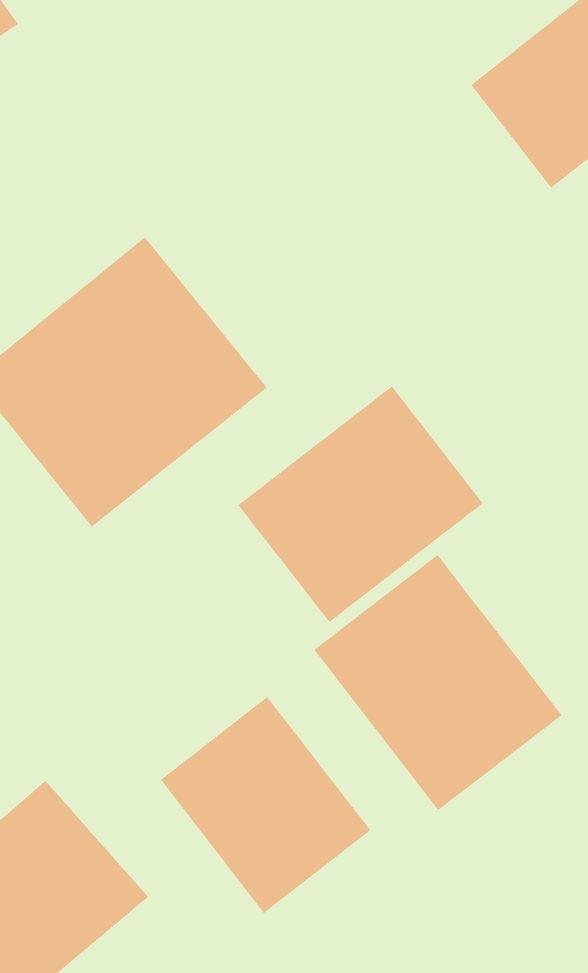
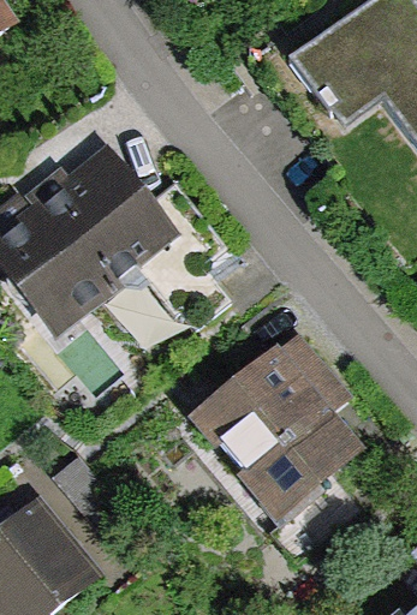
building: [238,385,484,623] -> none
building: [160,696,371,914] -> none

